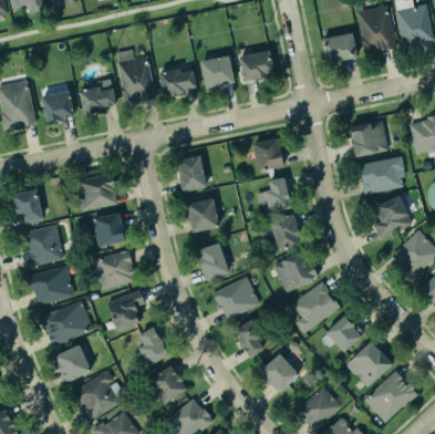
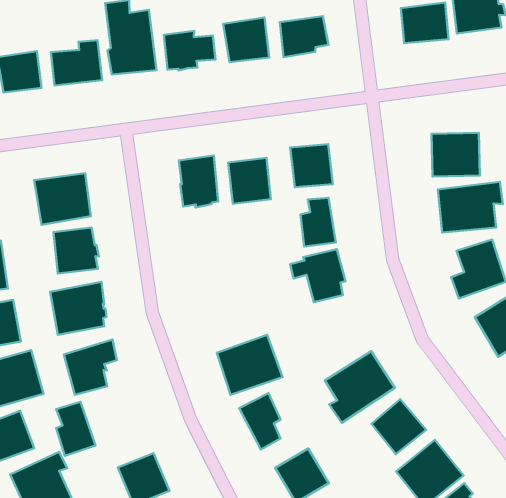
building: [188,199,220,234] -> [228,158,271,204]
building: [199,245,229,280] -> none
building: [273,252,320,293] -> none
building: [139,328,169,366] -> [56,402,96,456]

